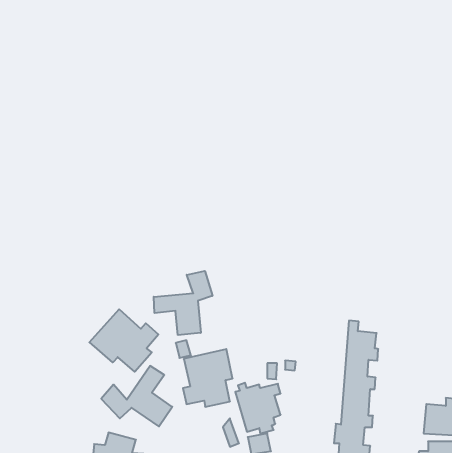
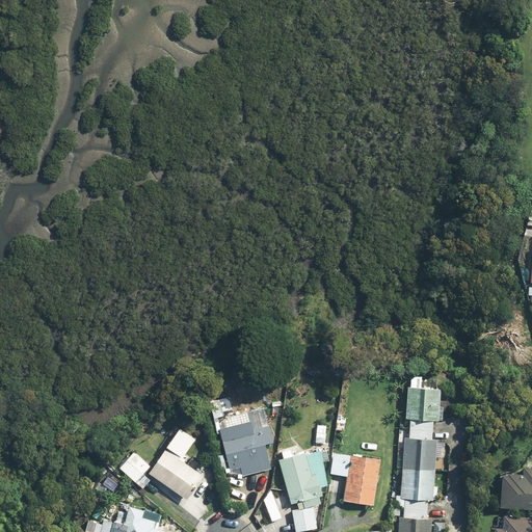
building: [154,271,212,335] -> none
building: [89,309,158,372] -> none
building: none -> [330,453,380,506]

